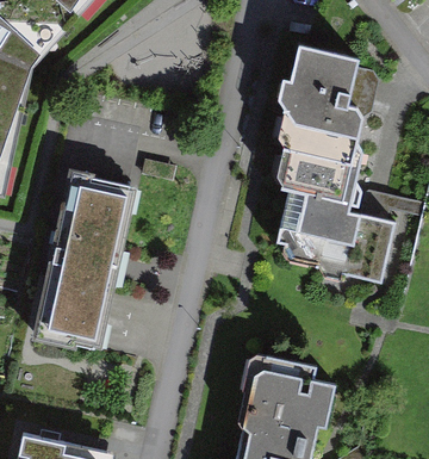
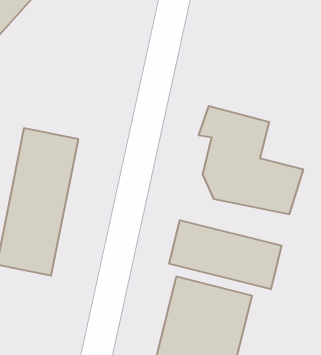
building: [284,44,384,160] -> none
building: none -> [169,220,282,289]

